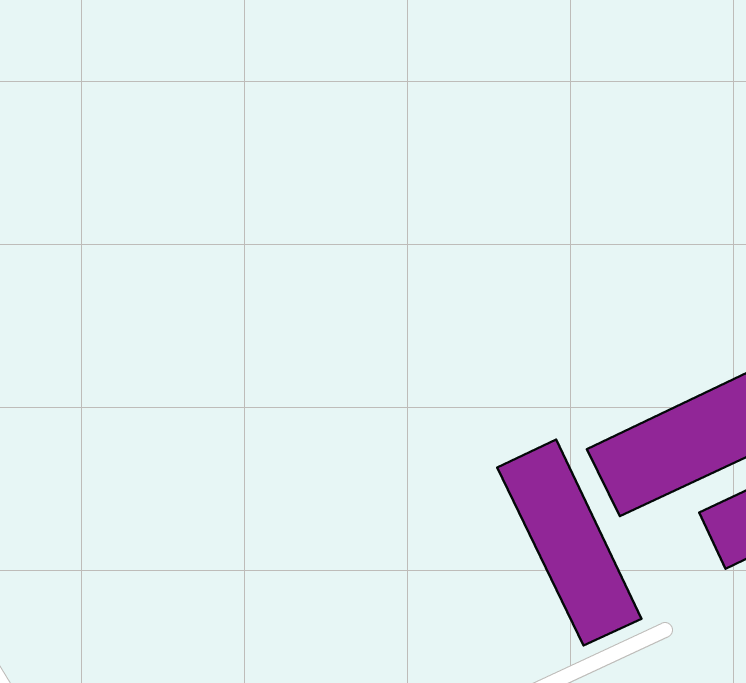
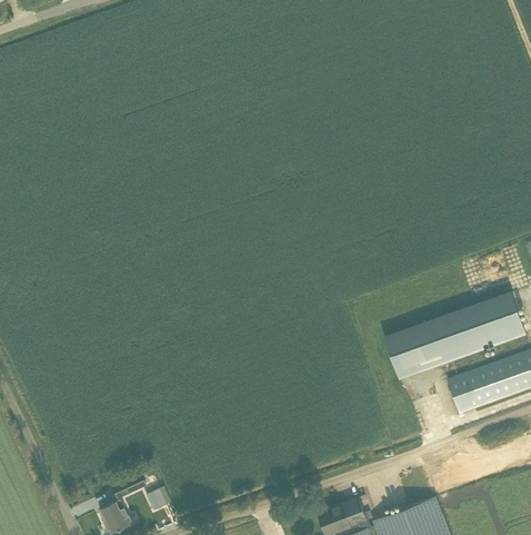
building: [497,440,641,645] -> none

